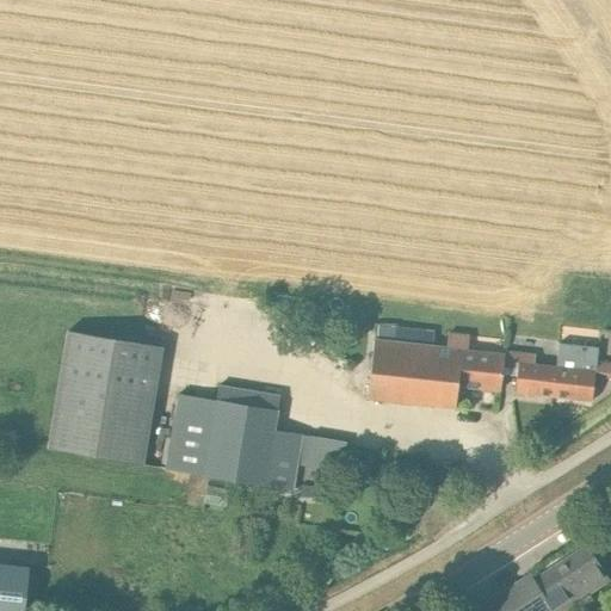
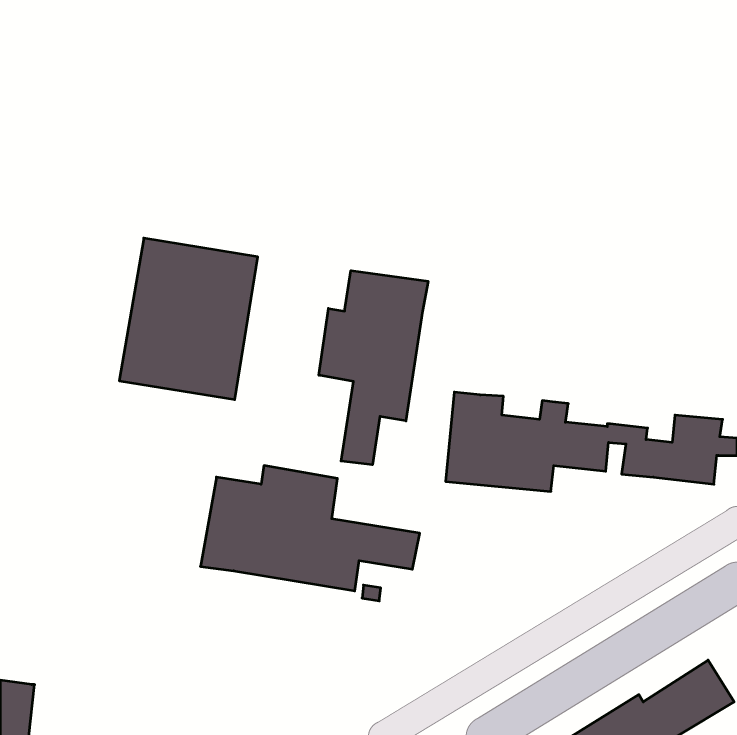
building: none -> [319,271,428,465]
building: [48,332,162,465] -> [119,238,258,400]

